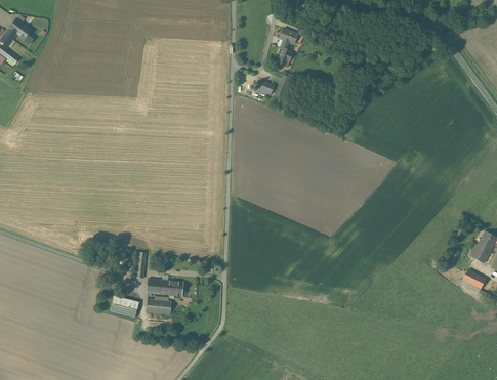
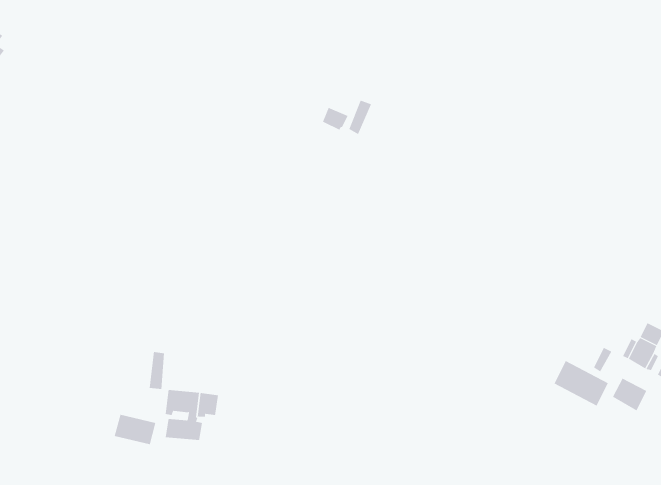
building: [277,28,296,66] -> none
building: none -> [554,360,608,407]

